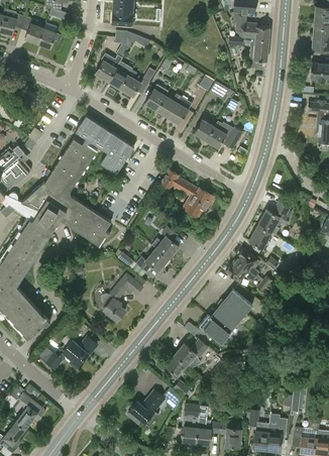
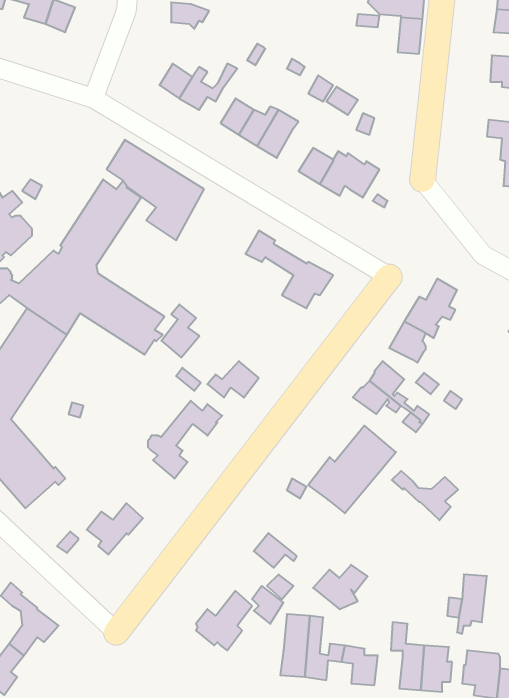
building: [96,53,122,81] -> none
building: [156,227,180,259] -> [161,304,199,357]
building: none -> [392,471,458,520]
building: [175,340,208,367] -> [313,565,368,609]

